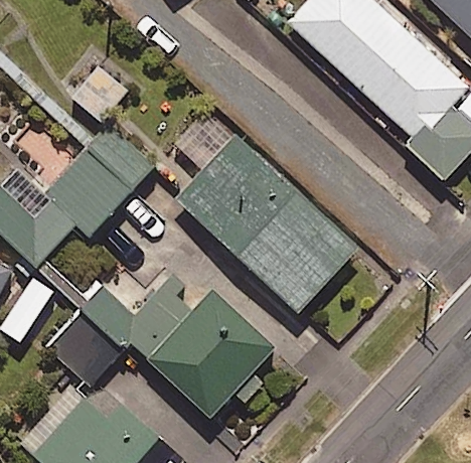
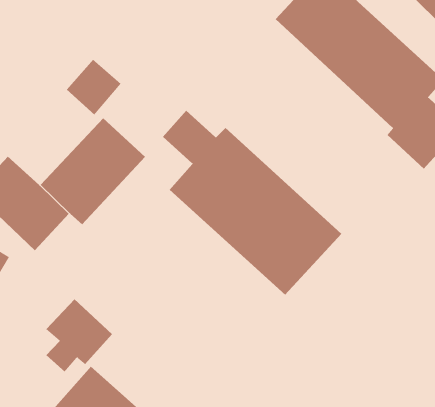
building: [40,260,276,420] -> none

